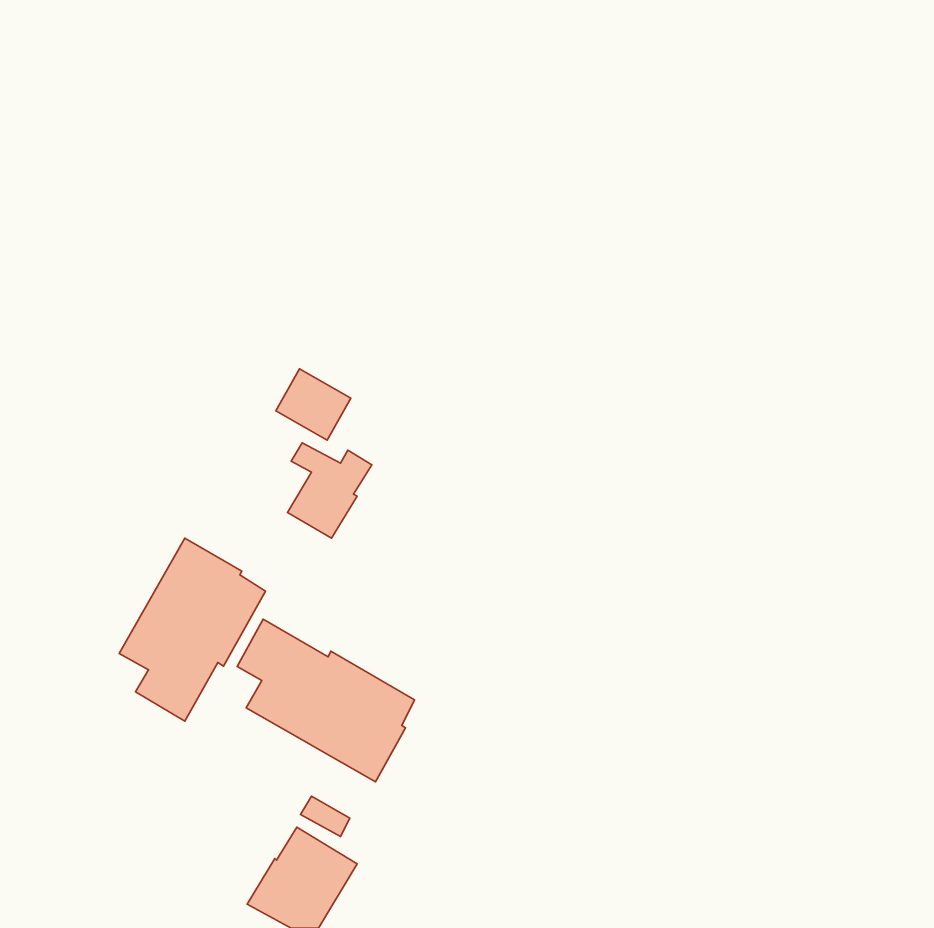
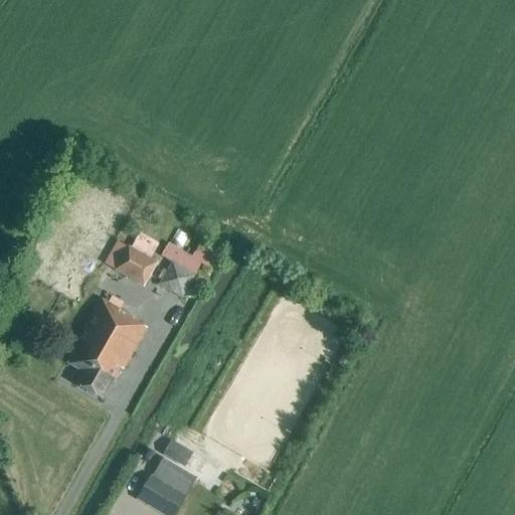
building: [276,369,351,440] -> [116,243,157,283]
building: [237,619,414,782] -> none

